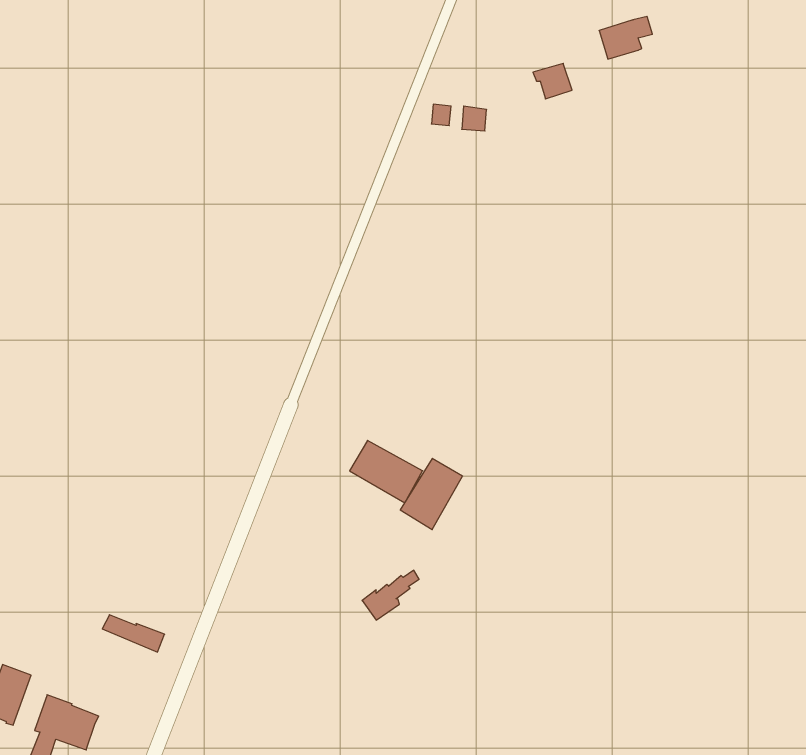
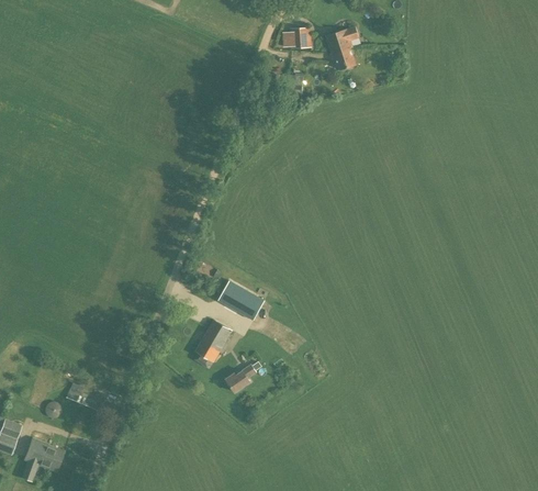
building: [599,16,652,59] -> [326,27,359,54]
building: none -> [283,29,312,48]
building: [400,458,463,530] -> [194,320,233,364]

